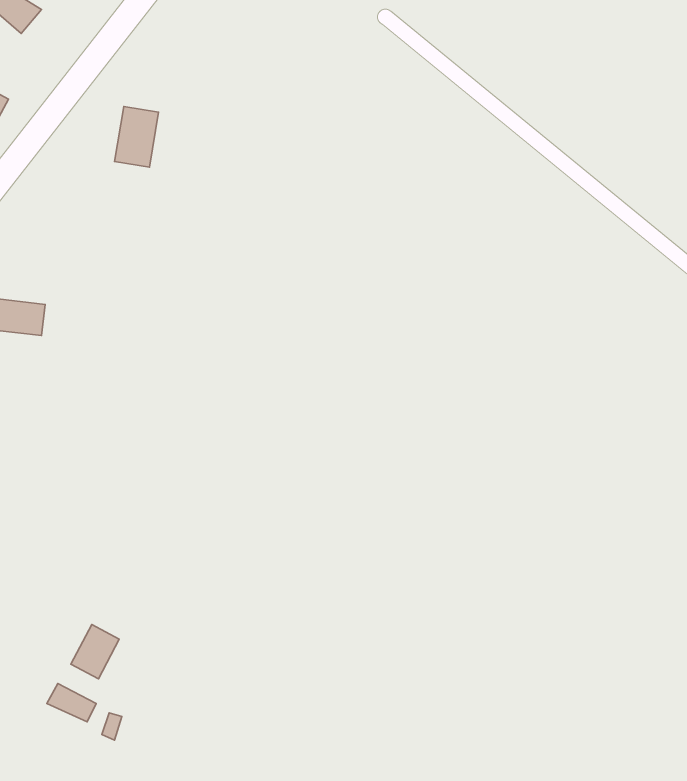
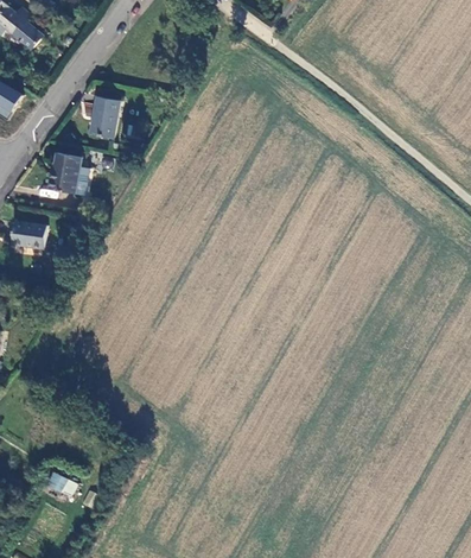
building: none -> [50,153,90,195]
building: [71,625,119,679] -> none

